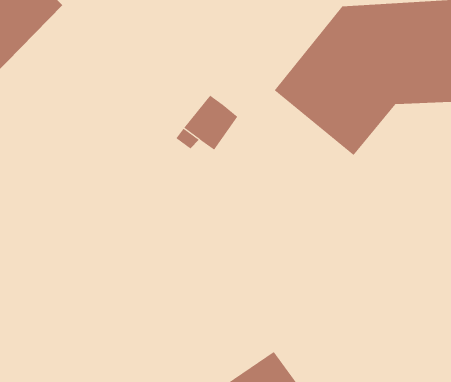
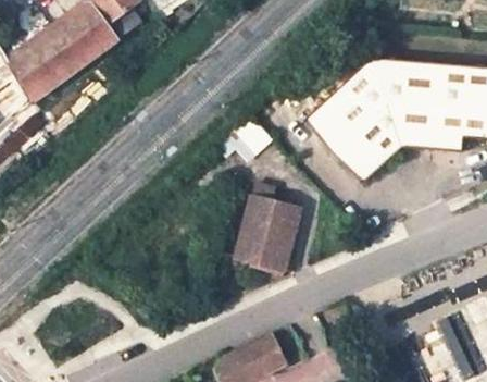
building: none -> [236,196,301,268]

